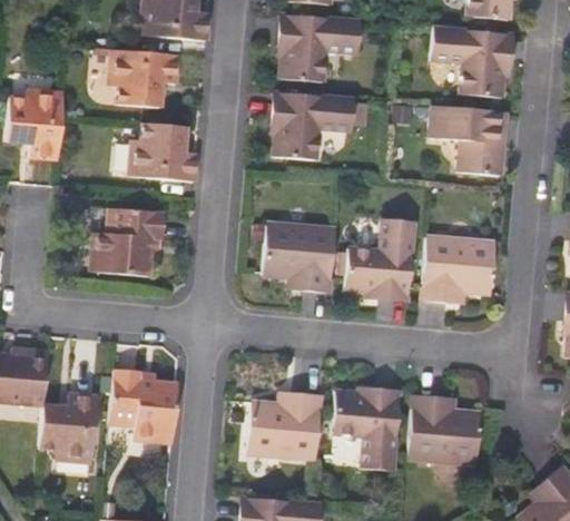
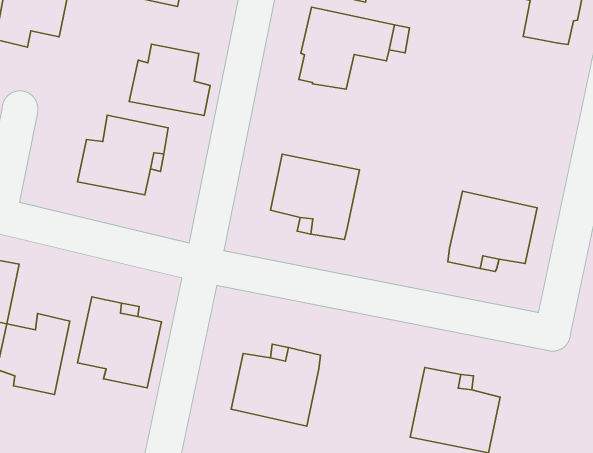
building: [431,105,508,176] -> none
building: [344,227,412,303] -> none
building: [332,386,401,465] -> none

